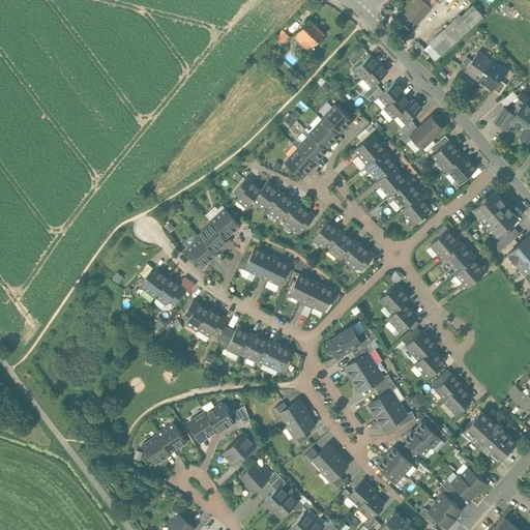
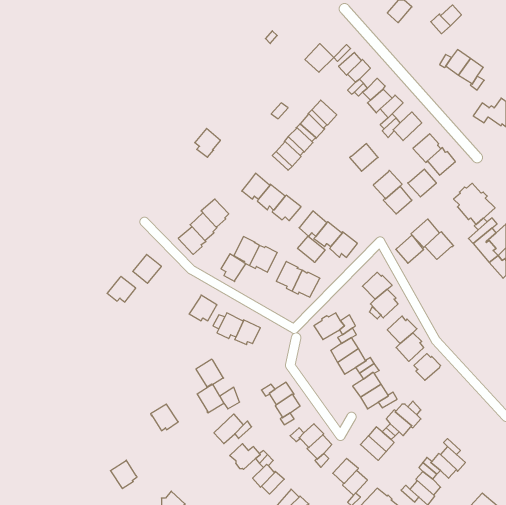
building: [294,21,324,51] -> [305,44,334,72]
building: [429,24,462,56] -> none
building: [354,136,384,165] -> none
building: [376,167,406,196] -> [408,169,436,197]
building: [234,178,261,208] -> [195,128,220,157]
building: none -> [298,236,325,262]
building: [455,259,484,288] -> [396,235,424,263]
building: [155,278,185,305] -> [107,276,136,302]
building: [183,301,209,330] -> [221,254,246,282]
building: [263,343,291,372] -> none
building: [442,385,471,414] -> none
building: [464,411,516,461] -> none
building: [188,412,217,441] -> [196,359,224,387]
building: [142,435,170,465] -> [110,460,137,489]

